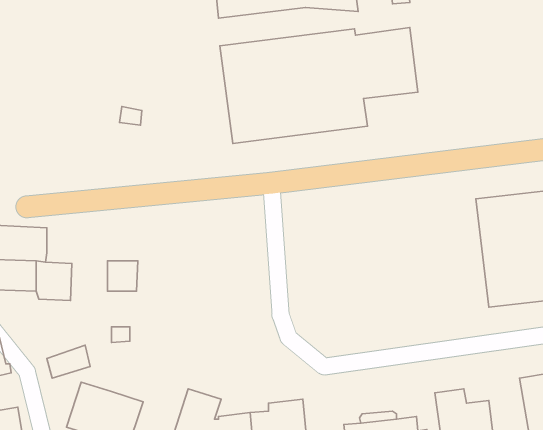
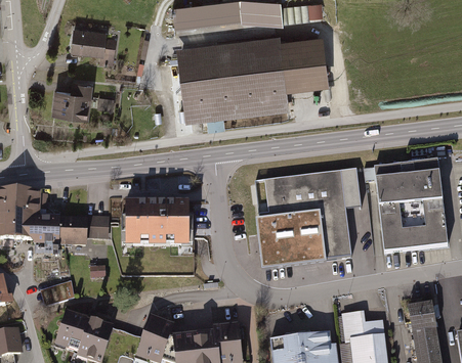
building: none -> [69,28,115,65]
building: none -> [51,79,91,117]
building: none -> [255,169,361,269]
building: none -> [126,199,190,244]
building: none -> [58,214,87,246]

